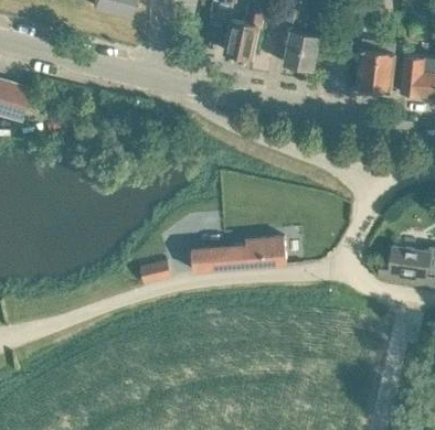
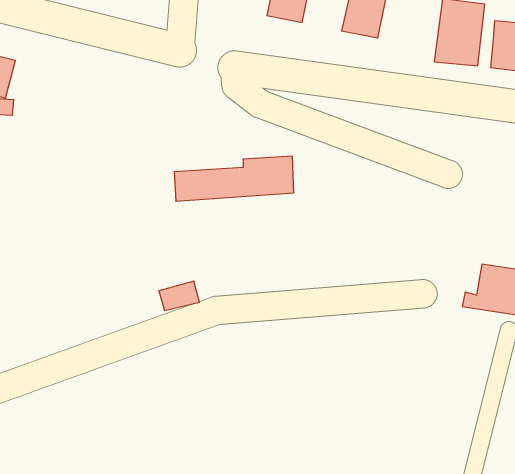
building: [193,237,287,272] -> [174,156,294,201]

